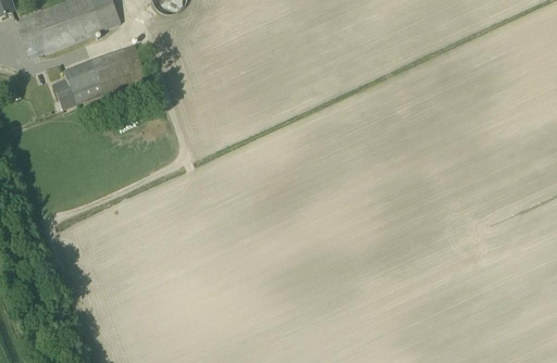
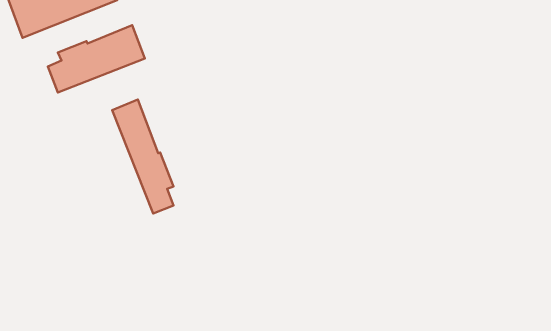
building: none -> [112,100,174,213]

